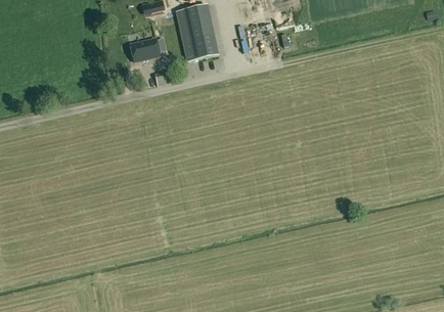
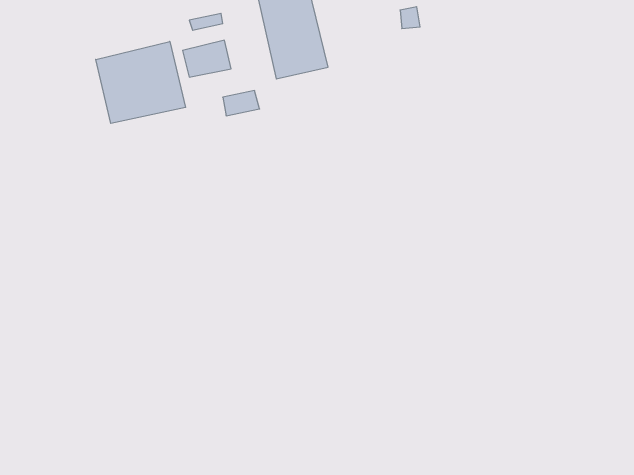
building: none -> [96,41,186,123]

